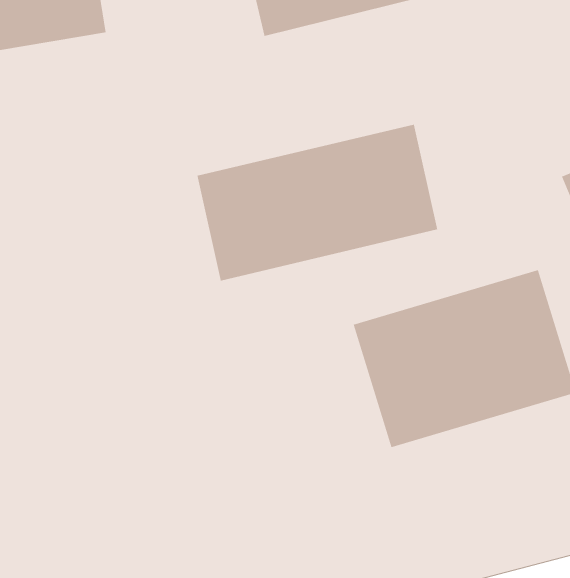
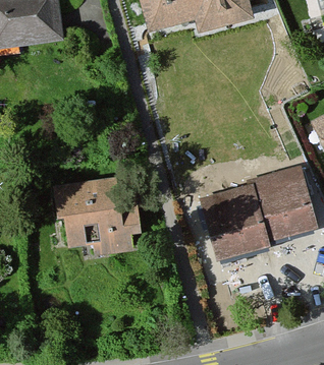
building: [197,124,438,282] -> none
building: none -> [56,178,130,258]

